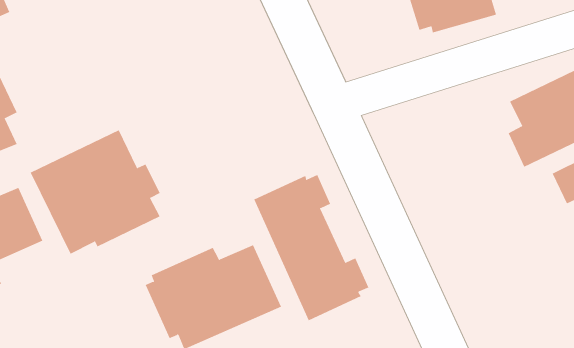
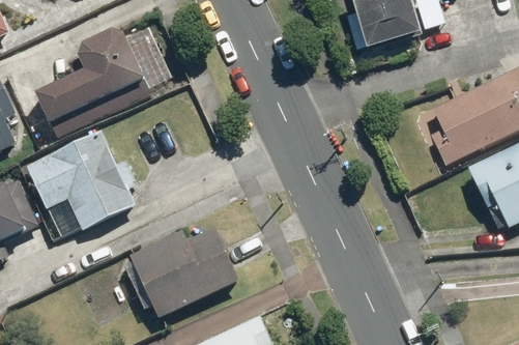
building: none -> [35,26,171,121]
building: [254,174,369,321] -> none

